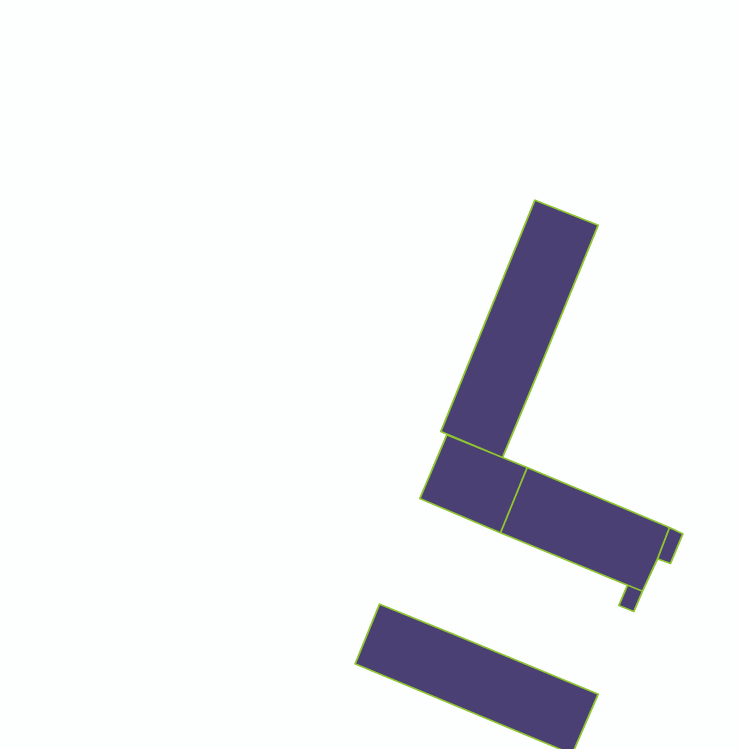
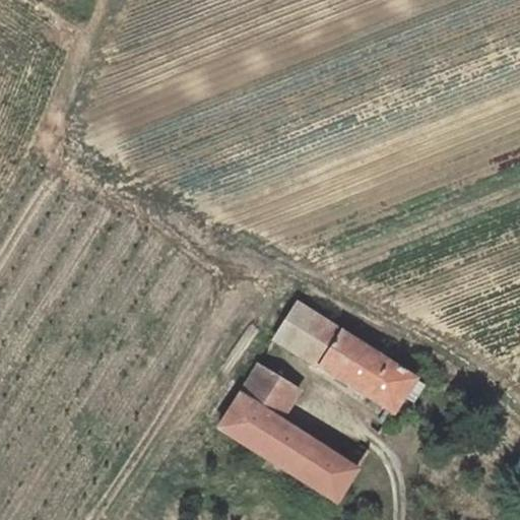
building: [441,200,598,457] -> none
building: none -> [240,366,299,418]

